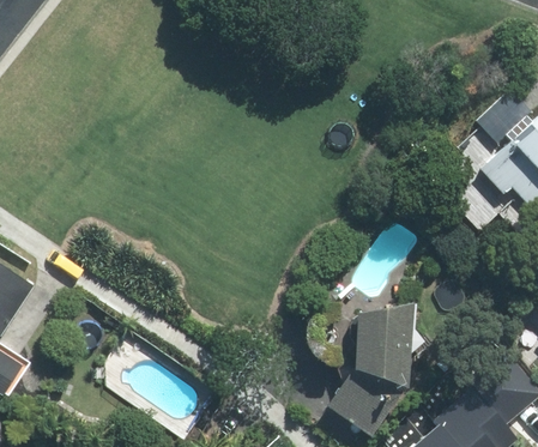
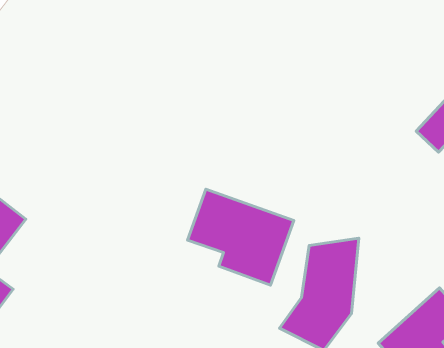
building: none -> [187,189,294,285]

